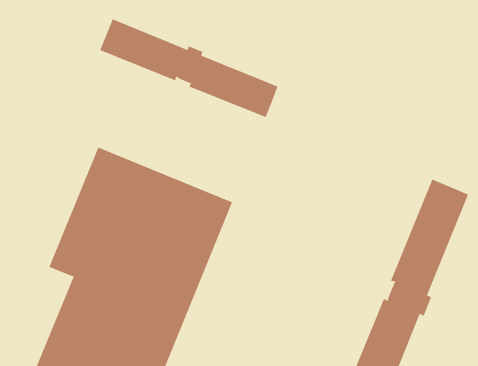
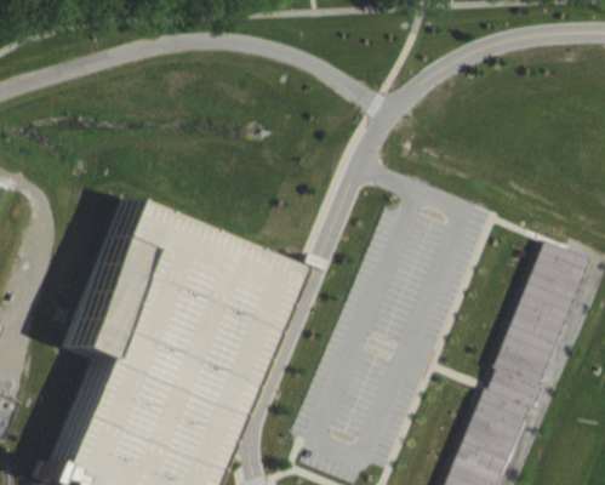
building: [100,19,278,118] -> none

